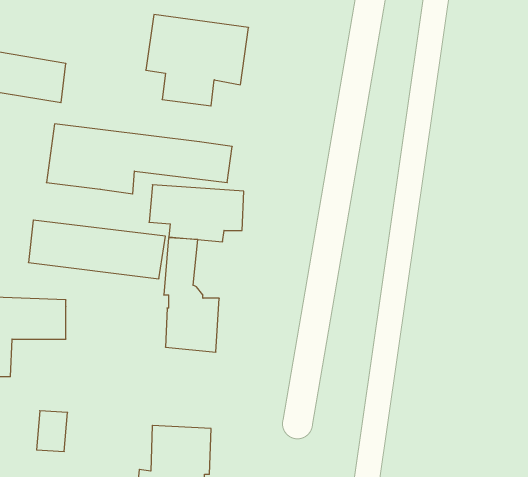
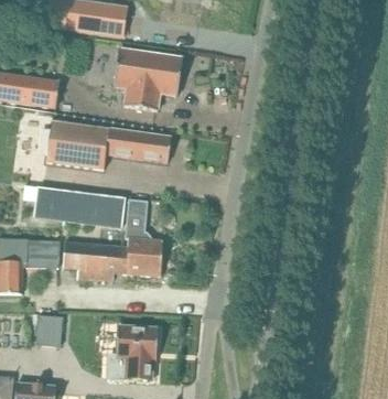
building: [149,185,244,242] -> [63,241,127,280]

